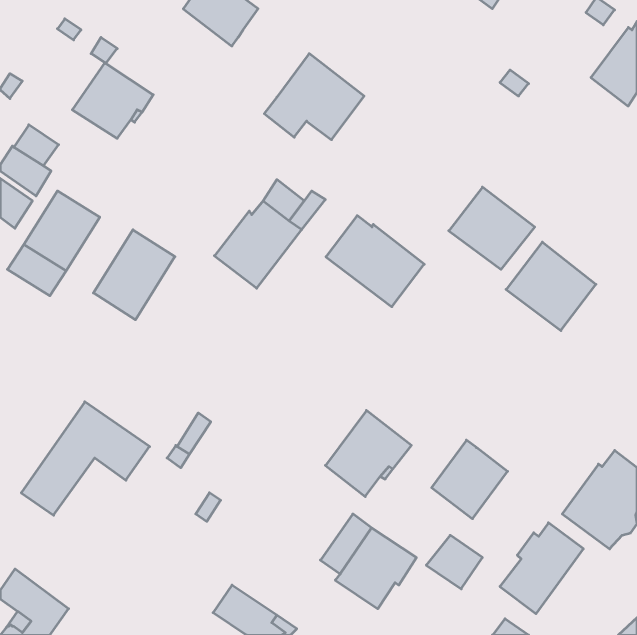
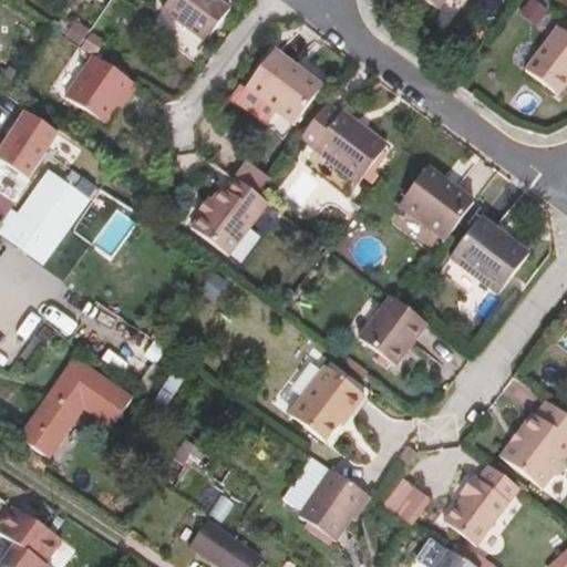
building: [326,216,424,307] -> [300,102,388,183]
building: [93,230,175,320] -> none
building: [432,440,508,519] -> [359,296,426,365]

